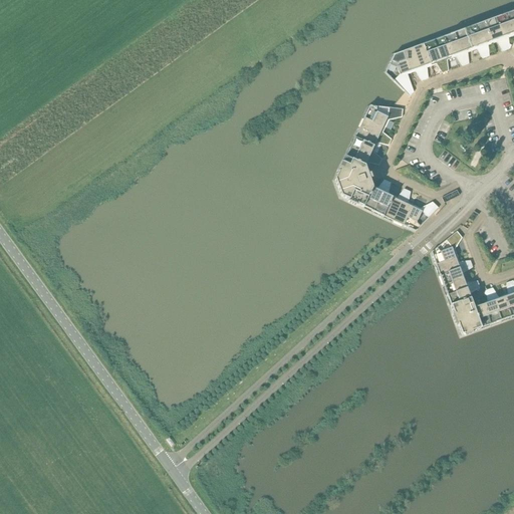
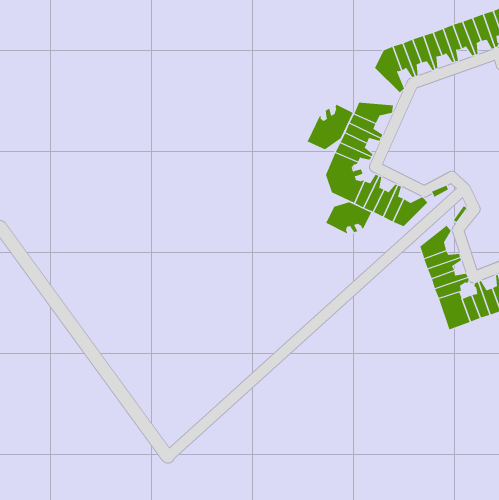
building: none -> [307,104,354,150]
building: none -> [325,202,372,234]

